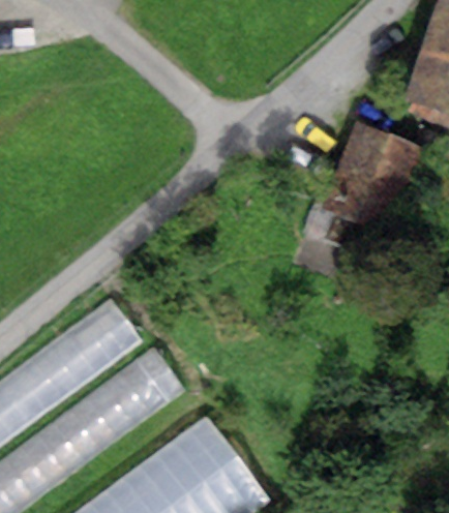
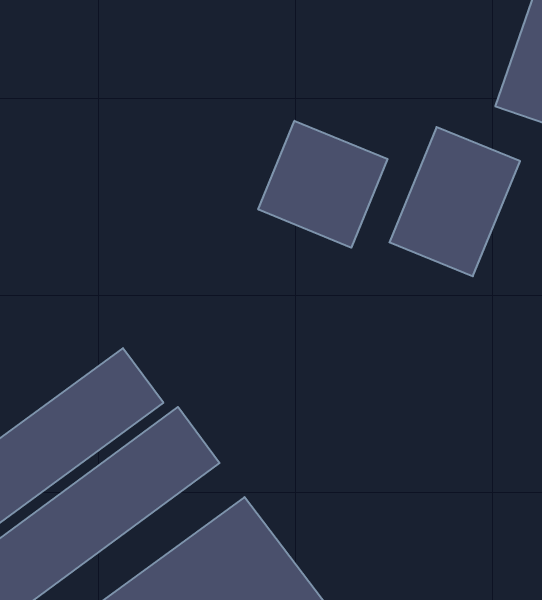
building: none -> [258,121,388,248]

